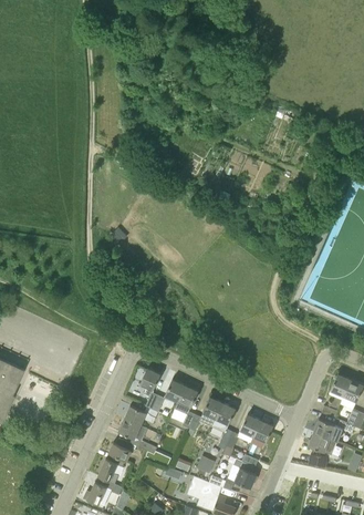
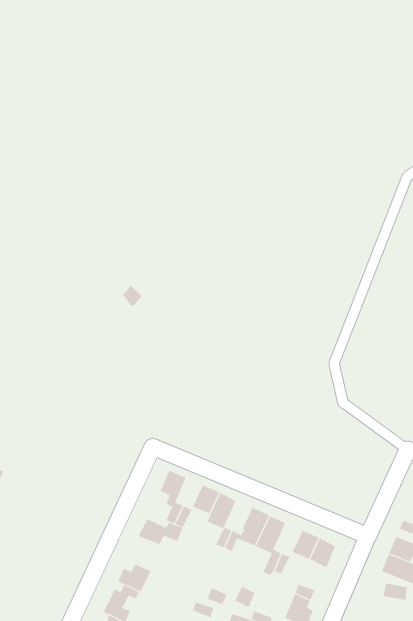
building: [118,419,157,454] -> none

